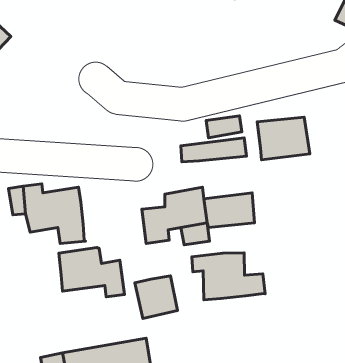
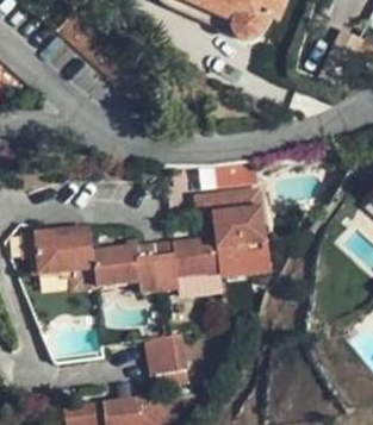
building: [257,117,310,160] -> [212,202,267,246]
building: [59,247,124,297] -> [89,244,157,295]
building: [192,253,265,300] -> none

